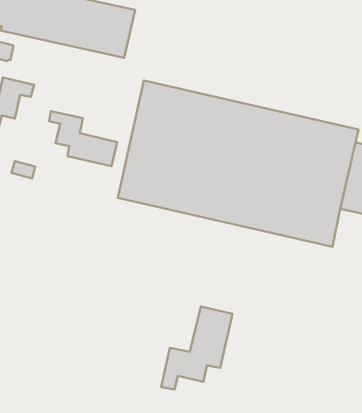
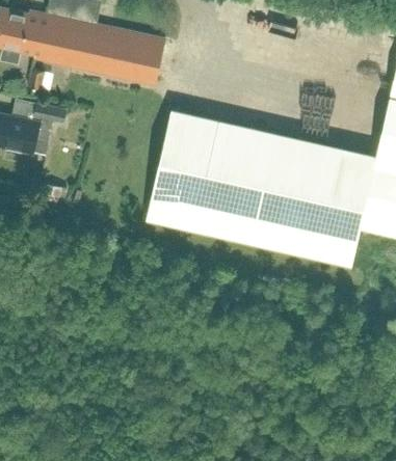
building: [49,111,117,166] -> none
building: [161,306,232,389] -> none

